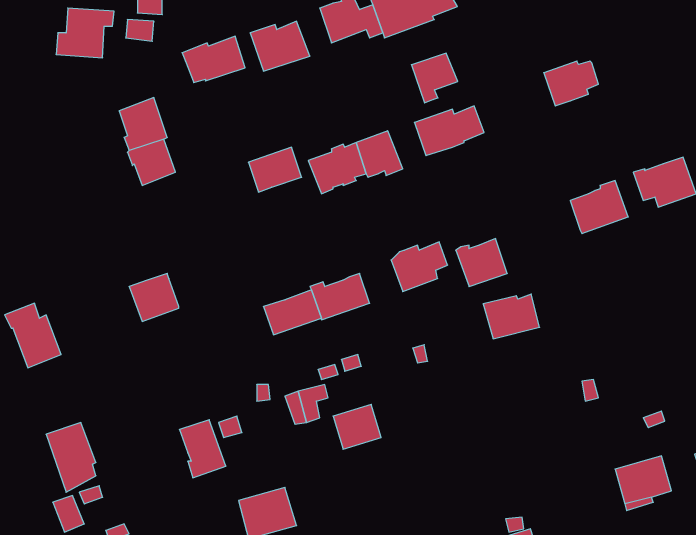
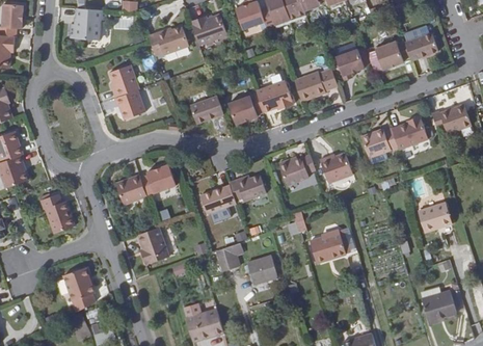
building: none -> [406,32,439,59]
building: [411,53,458,103] -> [337,49,366,80]
building: none -> [363,128,399,157]
building: none -> [141,163,177,194]
building: [483,294,540,339] -> [308,232,344,260]
building: none -> [420,203,452,230]
building: [179,420,226,478] -> [140,227,169,263]

